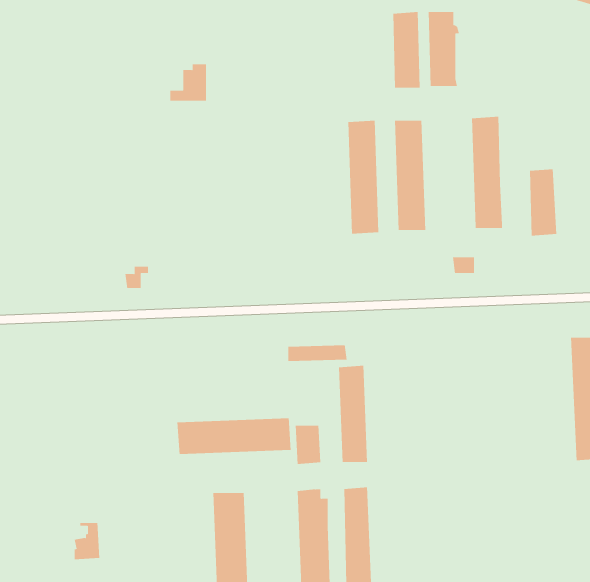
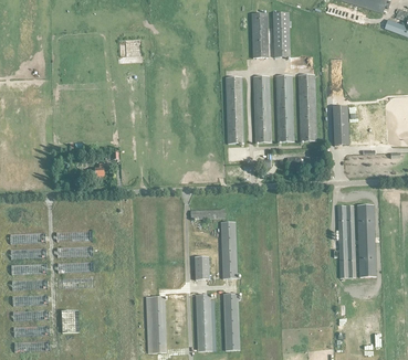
building: none -> [275,75,293,141]
building: none -> [336,204,355,277]
building: [177,418,291,455] -> none

